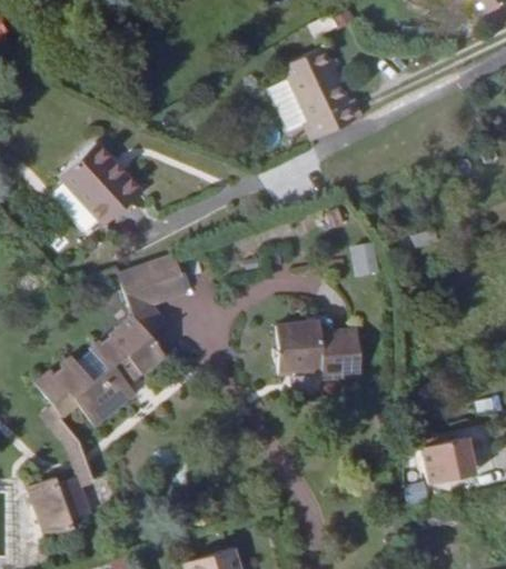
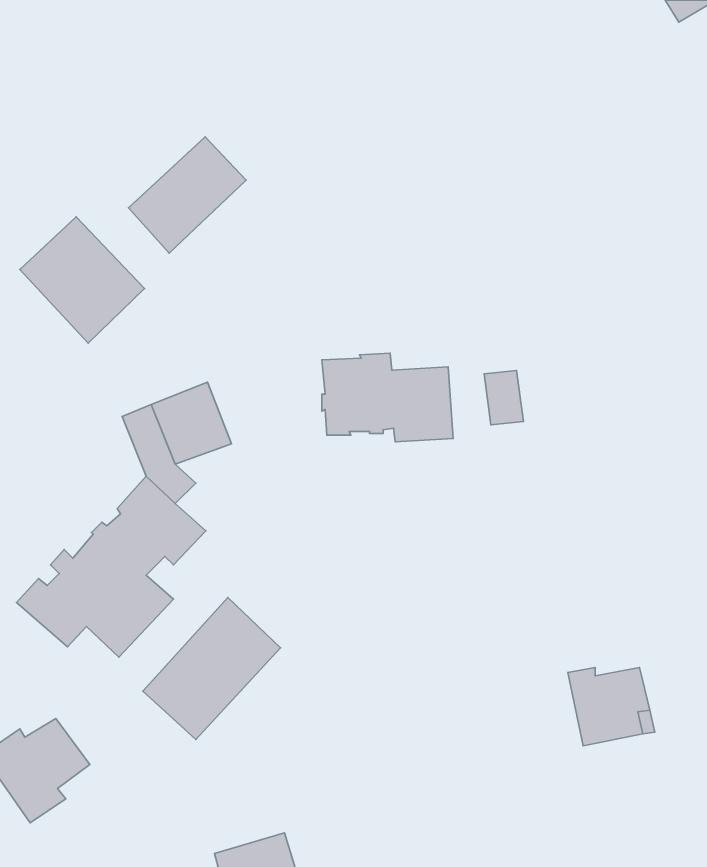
building: [285,50,361,140] -> none
building: none -> [128,137,246,253]
building: [259,309,345,367] -> [322,353,453,442]
building: none -> [143,598,281,740]

